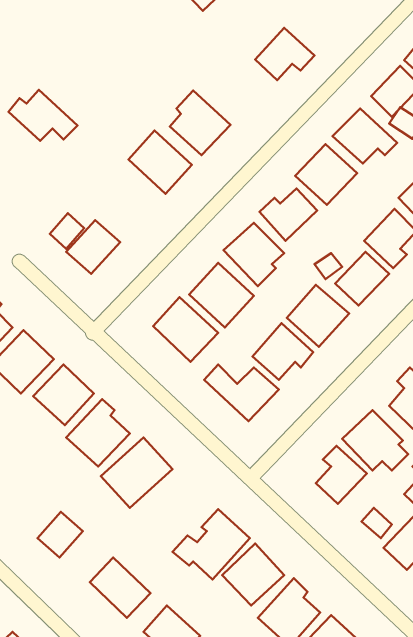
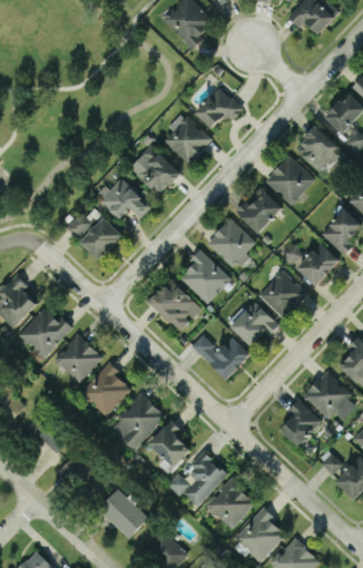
building: [255,28,314,80] -> [195,87,243,129]
building: [8,90,77,141] -> [96,178,151,219]
building: none -> [149,423,194,468]

